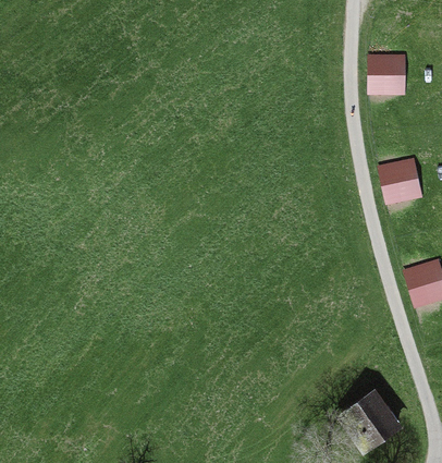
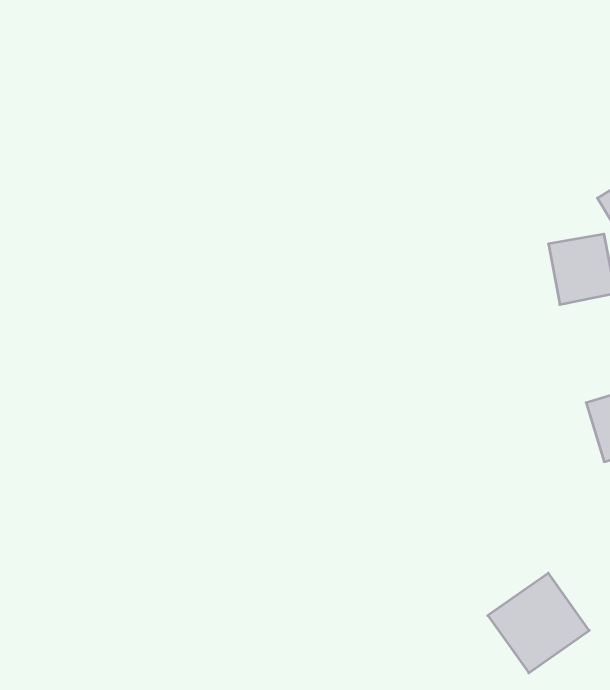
building: [367,56,405,96] -> none

